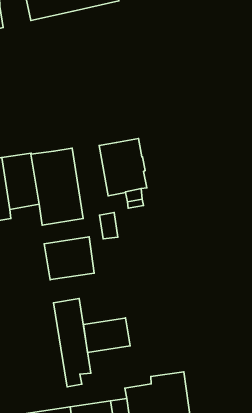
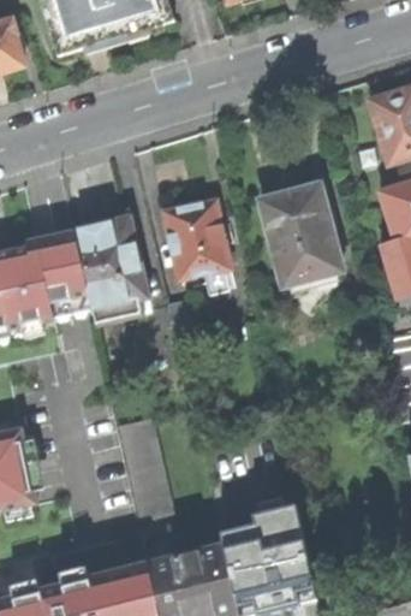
building: none -> [260,182,340,283]
building: [44,237,94,280] -> none
building: [83,318,130,353] -> none

